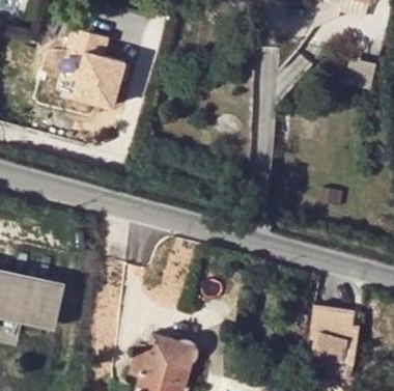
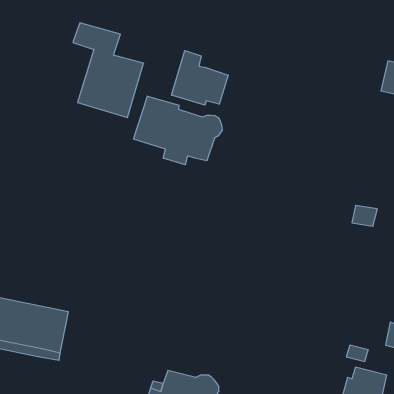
building: none -> [172,51,228,105]
building: none -> [134,96,222,165]

